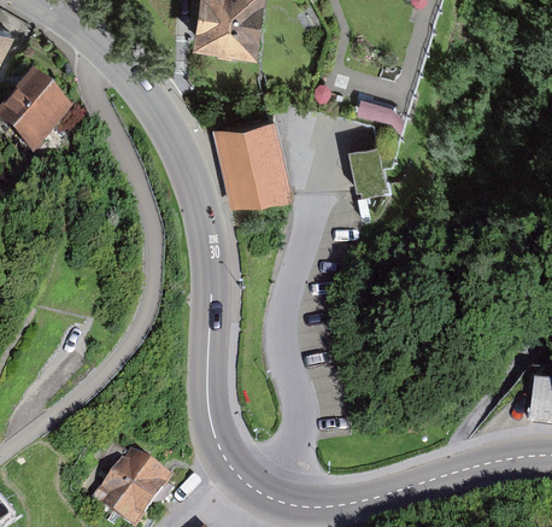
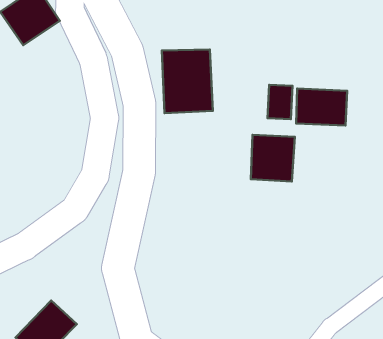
building: none -> [296,88,347,125]
building: none -> [251,135,295,182]

